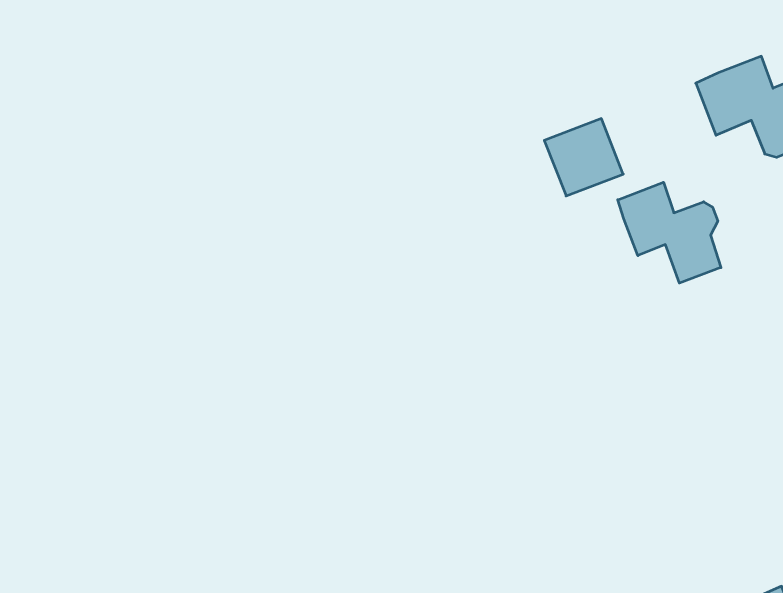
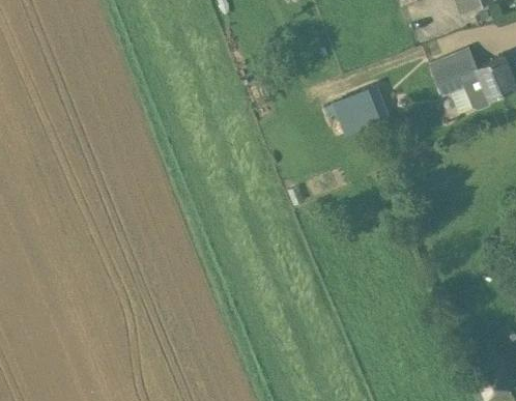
building: [618,182,721,283] -> none

